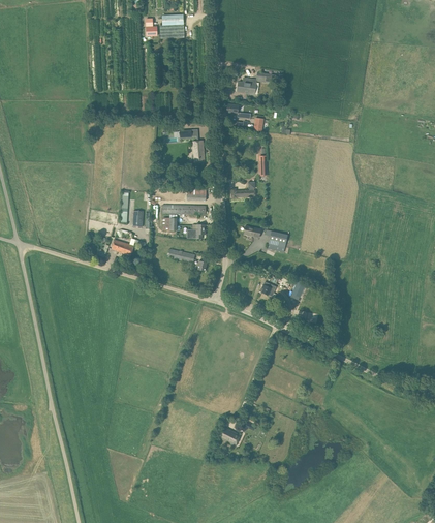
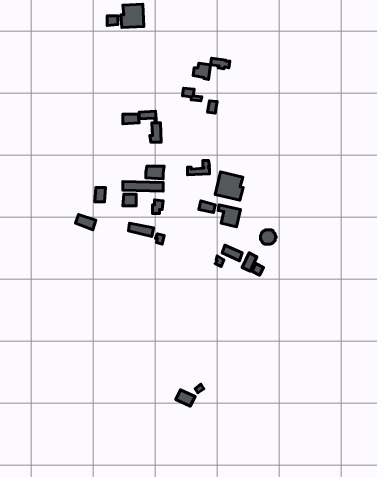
building: none -> [215,172,243,200]

